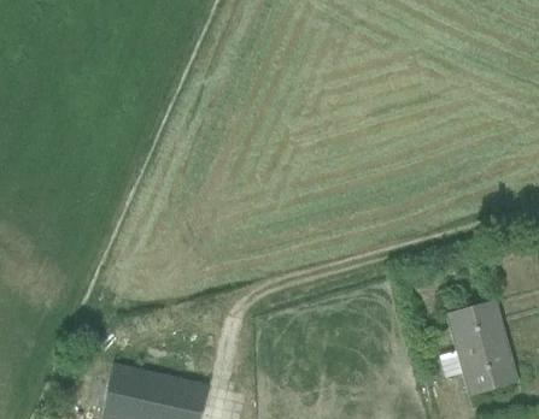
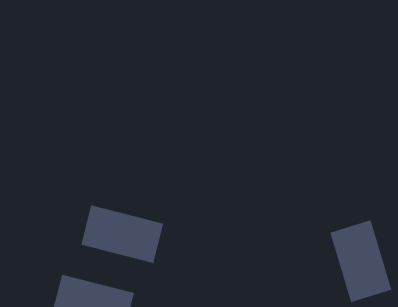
building: none -> [81,205,164,264]

